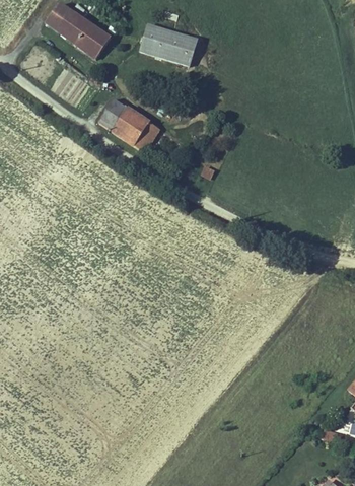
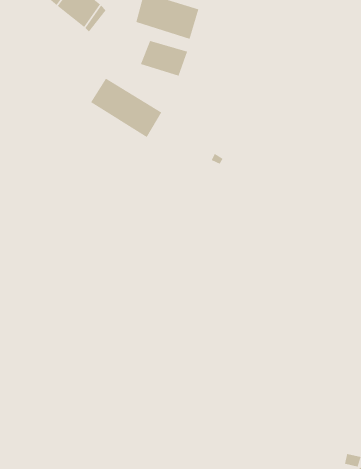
building: none -> [140,40,188,77]

